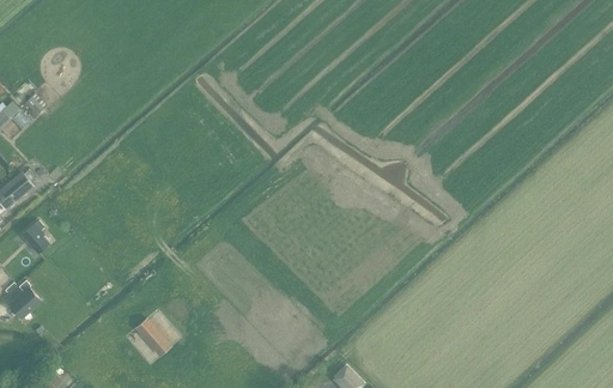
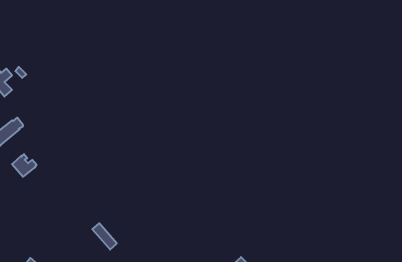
building: [7,280,38,317] -> none

